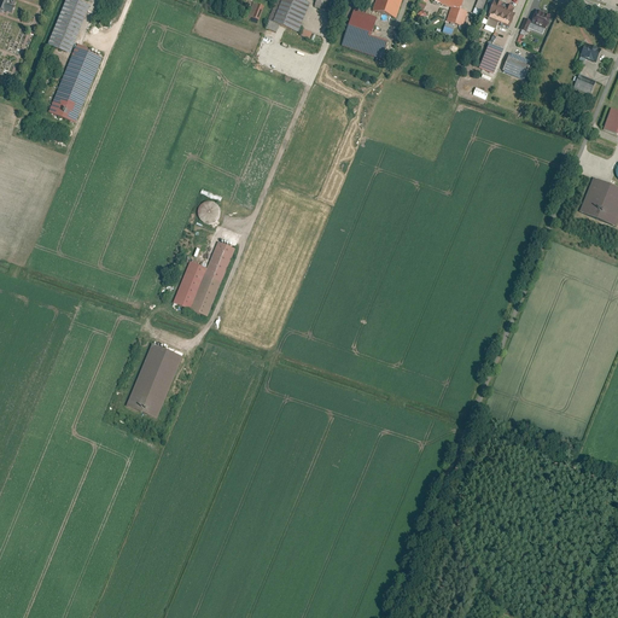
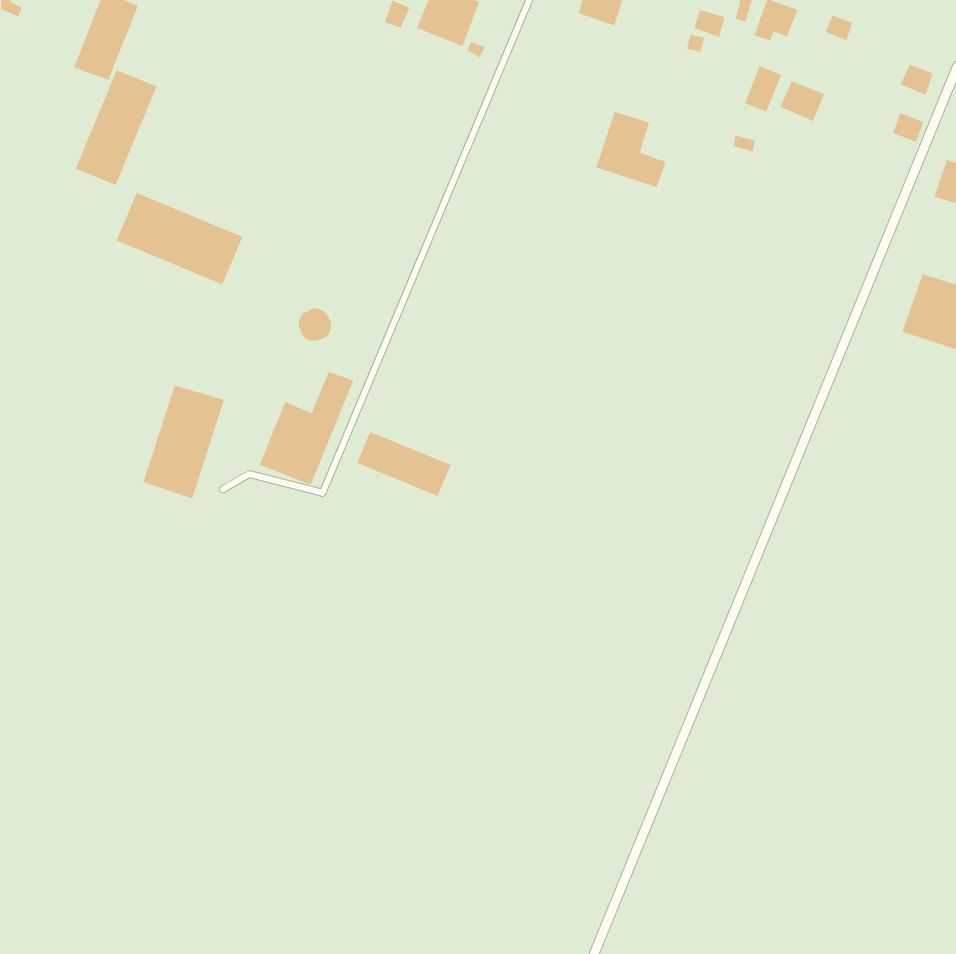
building: [343,7,389,57] -> [595,111,667,188]
building: none -> [116,192,243,285]
building: none -> [356,431,451,497]
building: [128,344,181,418] -> [142,385,225,499]

